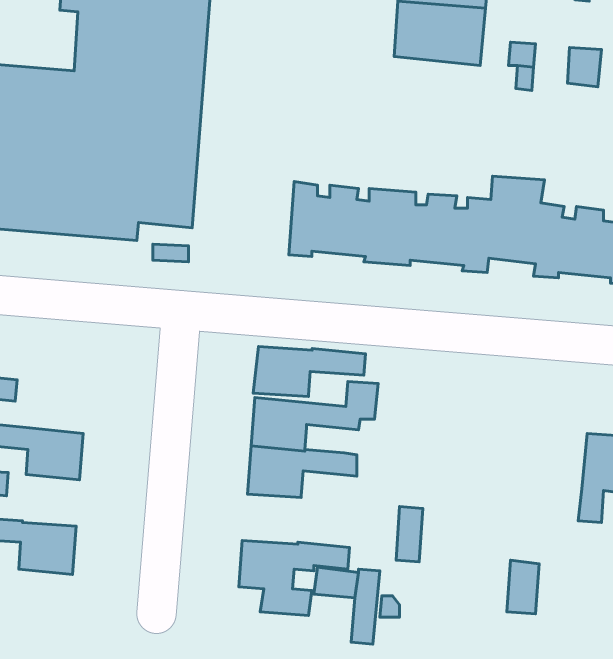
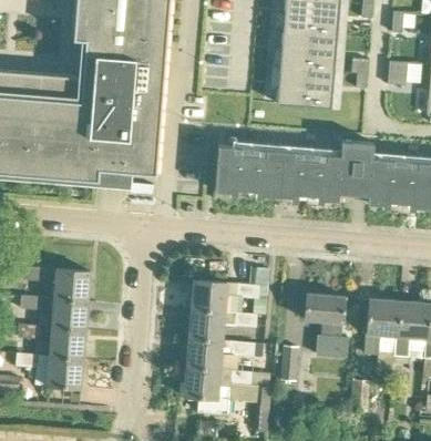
building: none -> [276,66,332,106]
building: [253,347,366,397] -> [185,338,255,369]
building: none -> [53,268,89,300]
building: none -> [304,293,347,356]
building: none -> [363,298,399,353]
building: none -> [49,326,84,358]

